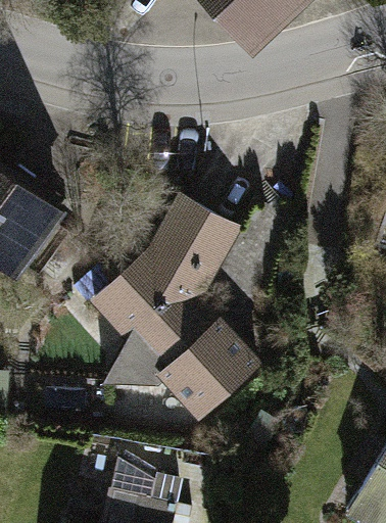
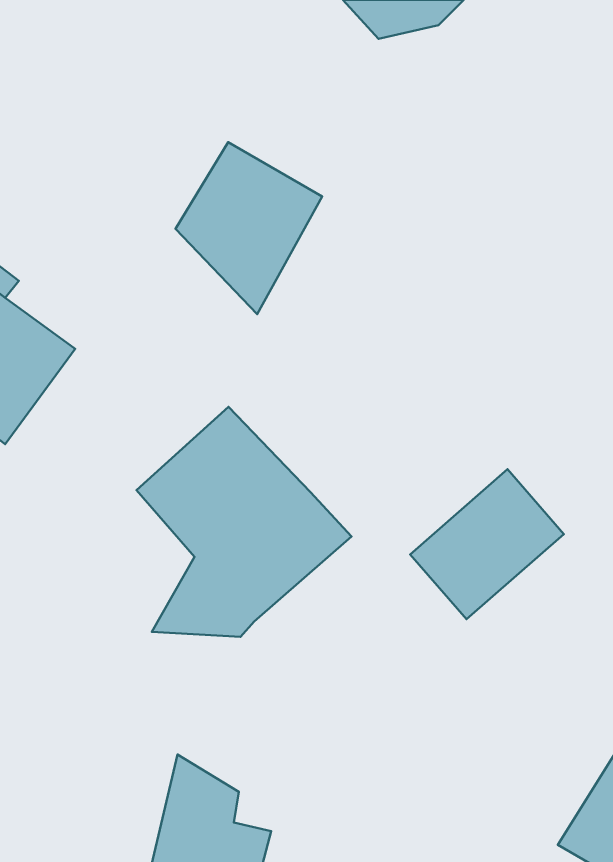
building: [150,196,238,299] -> [175,142,322,314]
building: [165,326,257,416] -> [410,469,564,619]

